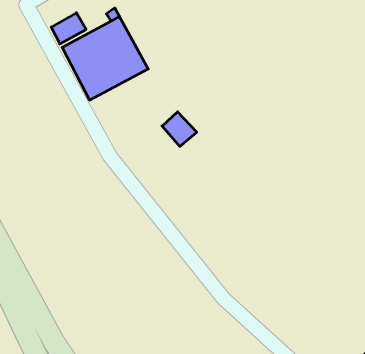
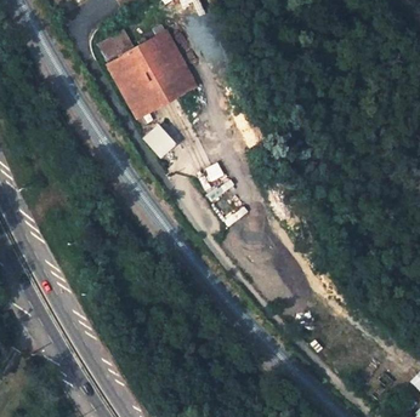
building: [162,112,197,146] -> [142,121,177,156]

